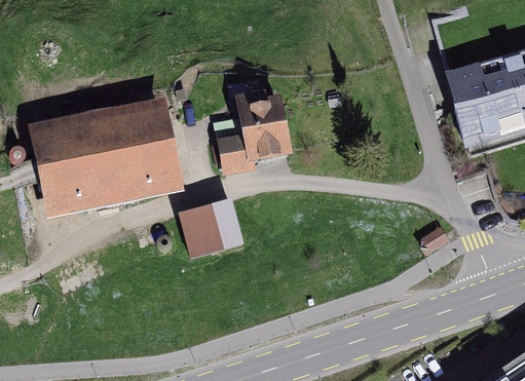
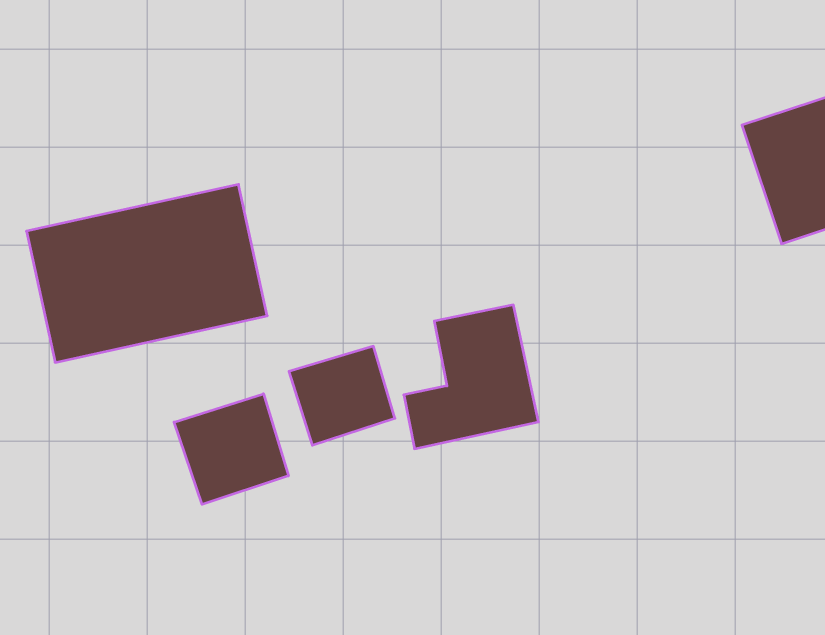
building: [216,87,293,169] -> [404,305,539,449]
building: none -> [174,394,288,504]

